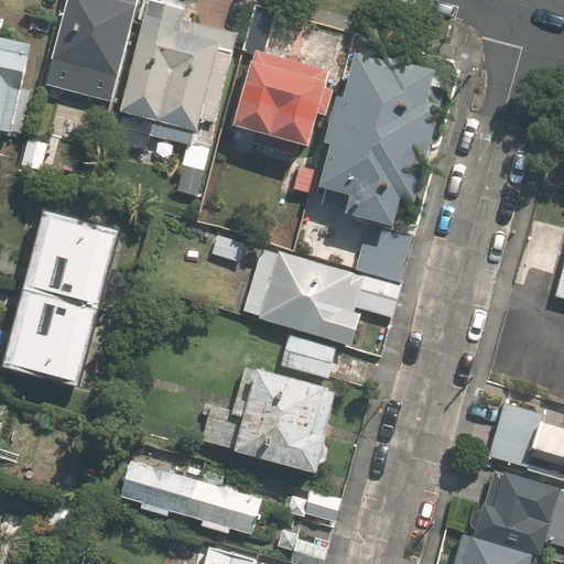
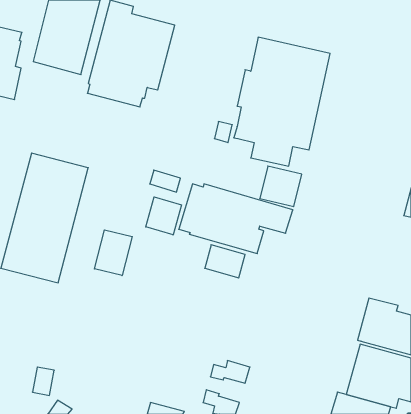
building: [232,6,333,148] -> none
building: none -> [146,197,182,235]
building: none -> [94,230,132,276]
building: [199,369,334,474] -> none
building: [119,459,261,533] -> none

